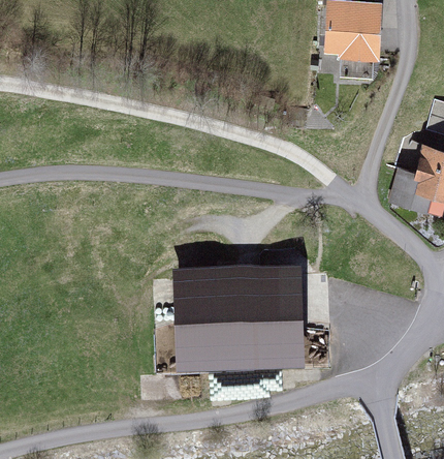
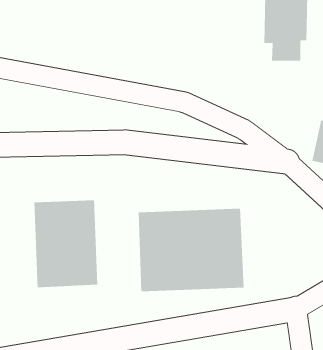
building: none -> [34,200,98,288]

